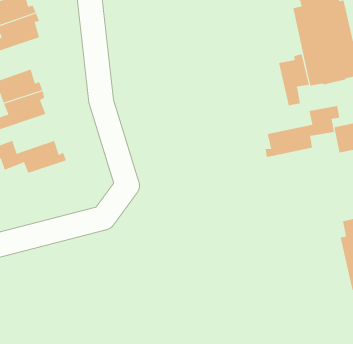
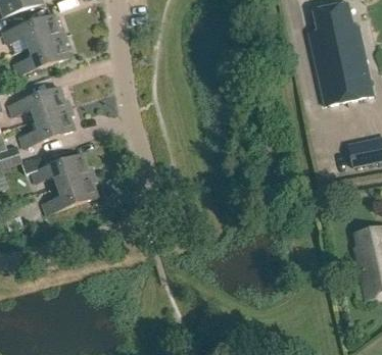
building: [279,54,309,106] -> none
building: [265,105,340,158] -> none
building: none -> [41,173,96,214]

